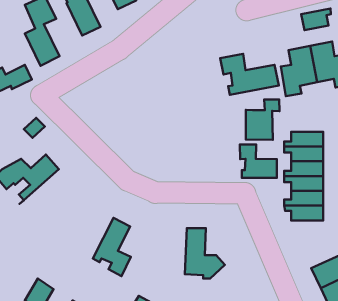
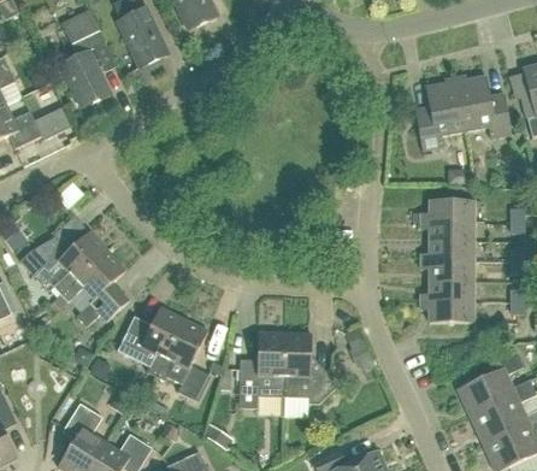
building: [301,8,331,30] -> none
building: [220,54,279,95] -> none
building: [246,99,279,140] -> none
building: [240,144,277,178] -> none
building: none -> [53,251,128,325]
building: none -> [117,306,183,375]
building: none -> [238,331,284,407]

